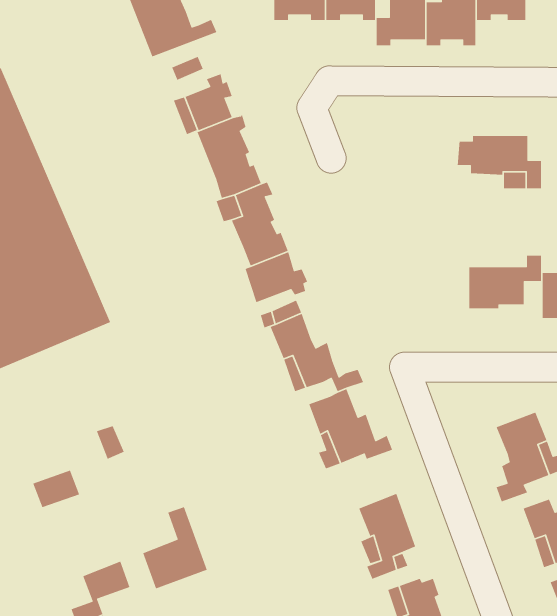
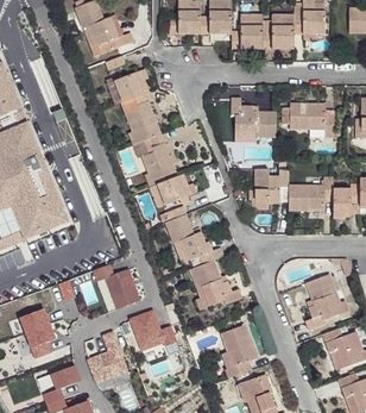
building: none -> [232,96,277,142]
building: none -> [254,168,289,208]
building: none -> [96,264,144,309]
building: none -> [131,311,177,352]
building: none -> [26,325,56,358]

